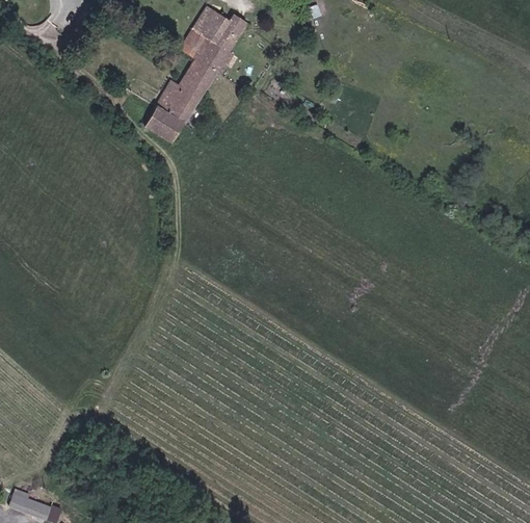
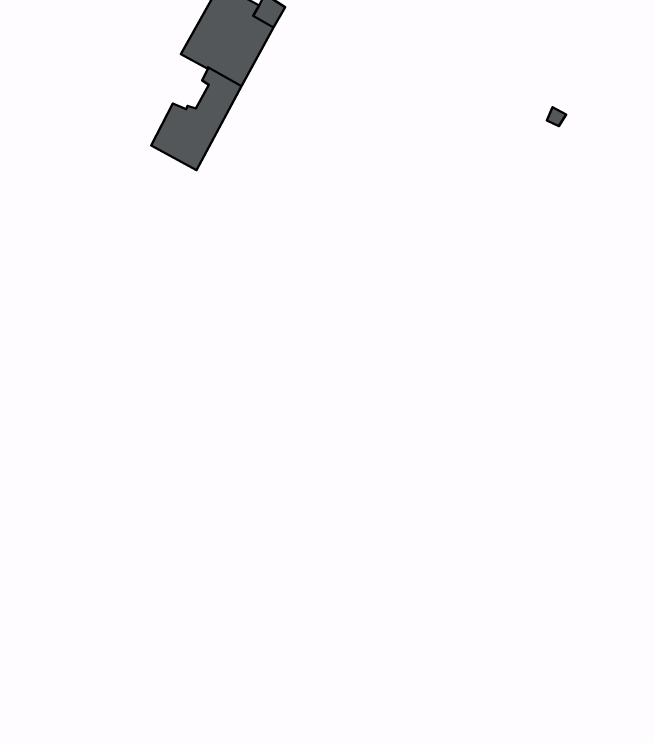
building: [144,106,184,142] -> none

